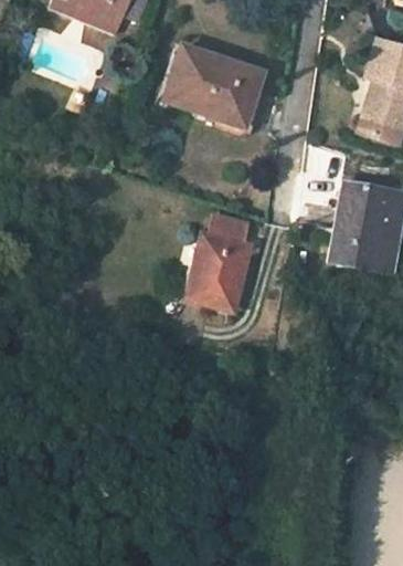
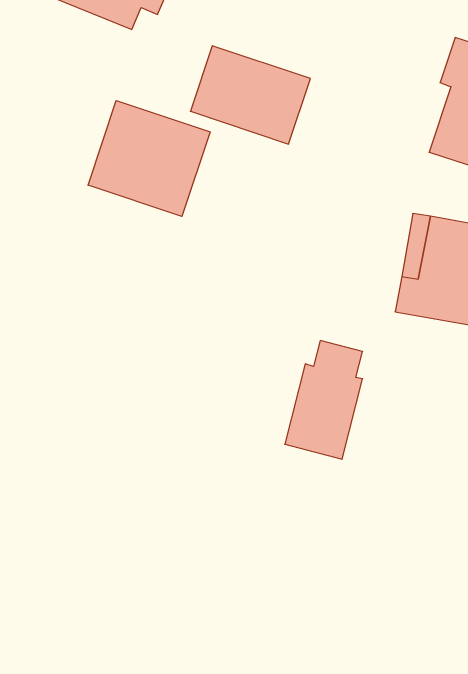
building: none -> [88,101,210,216]
building: [187,213,250,310] -> [285,341,363,459]

